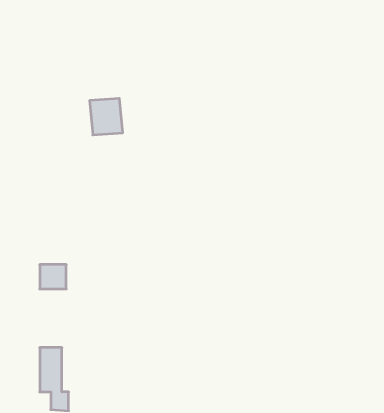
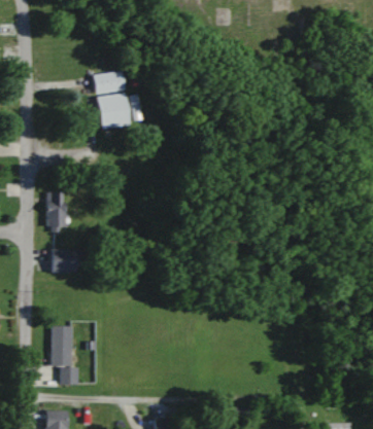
building: none -> [93,72,125,95]
building: none -> [47,193,65,229]

